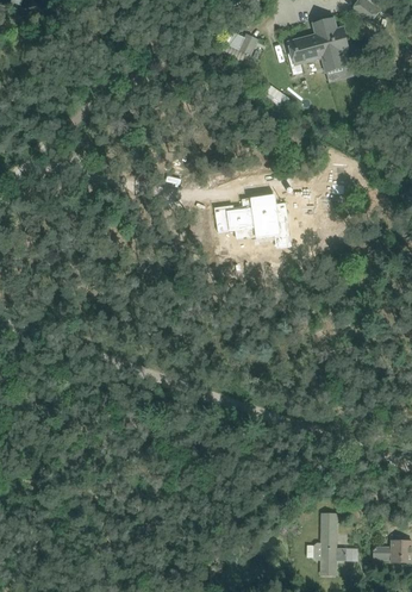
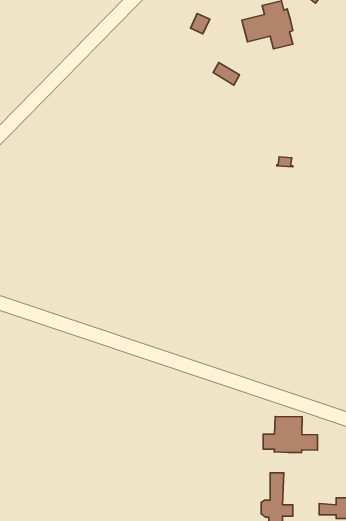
building: [211,202,289,248] -> none
building: none -> [263,416,318,452]

